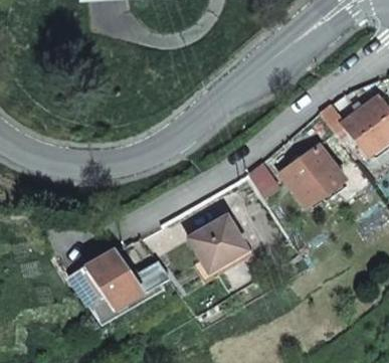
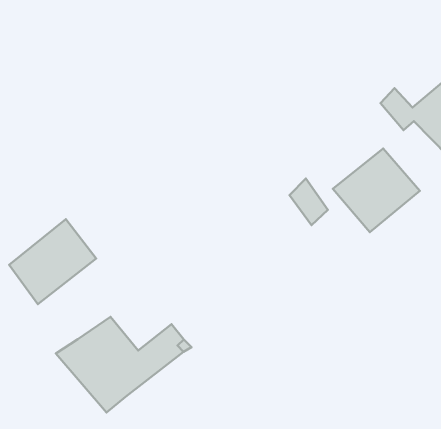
building: none -> [9,219,96,304]
building: [188,215,245,281] -> none

